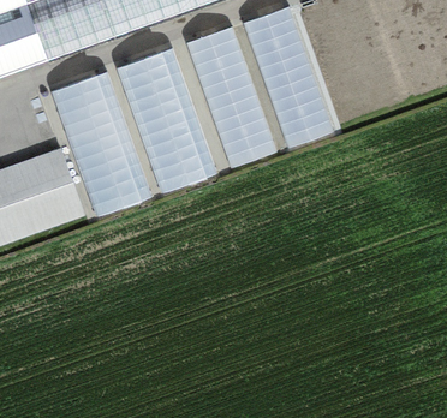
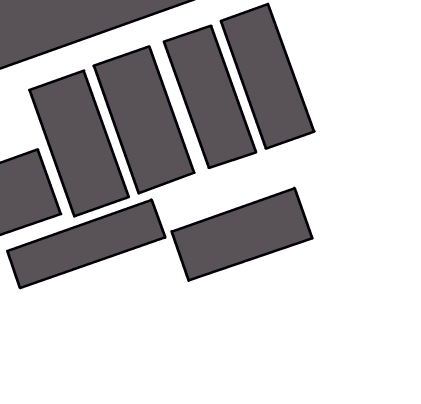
building: none -> [172,188,312,281]
building: none -> [7,200,165,288]

